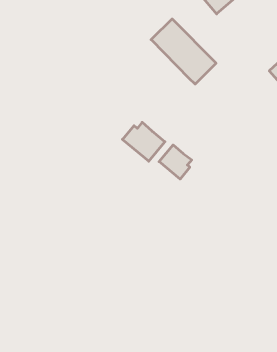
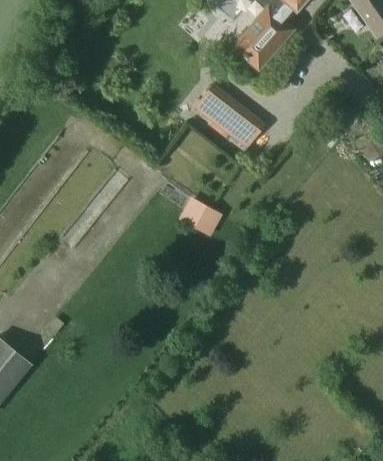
building: [159,145,192,179] -> none

